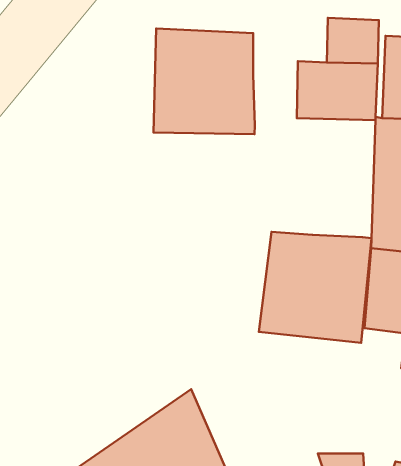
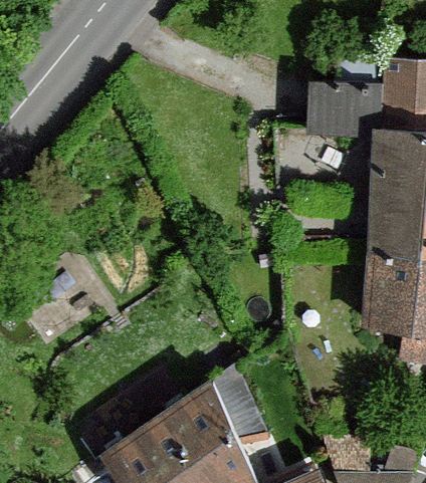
building: [153,29,255,134] -> none
building: [259,232,371,343] -> none

